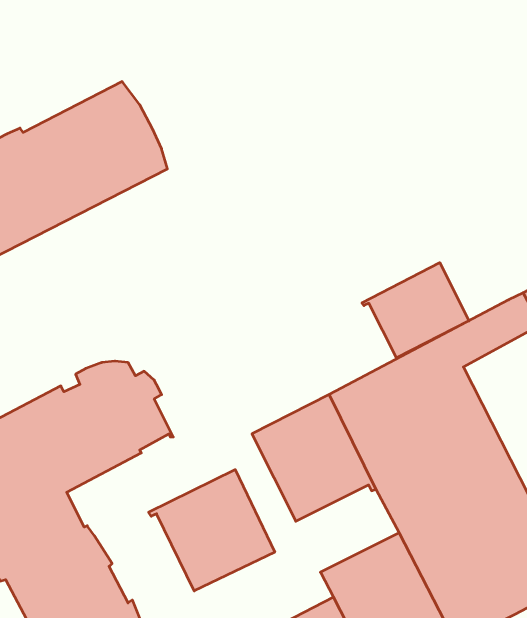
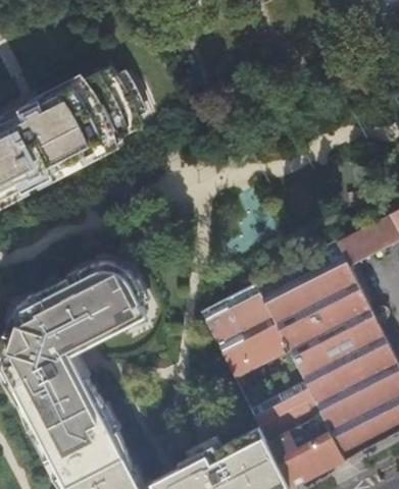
building: [362,263,469,358] -> none
building: [149,470,275,591] -> none

